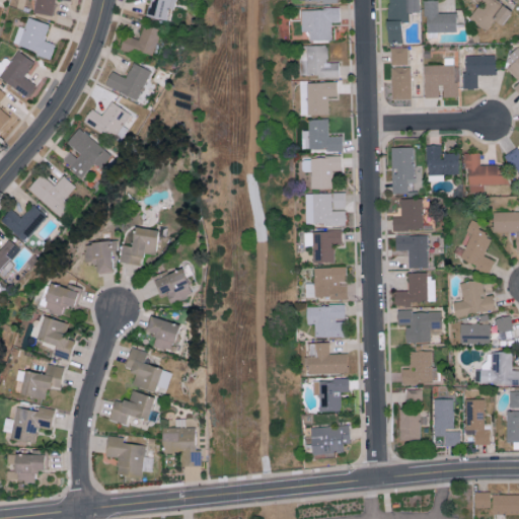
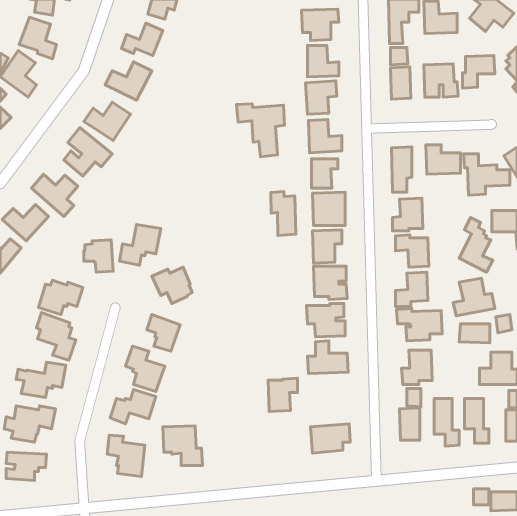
building: none -> [236,104,284,157]
building: none -> [271,191,296,236]
building: [320,378,350,412] -> [268,378,298,412]

